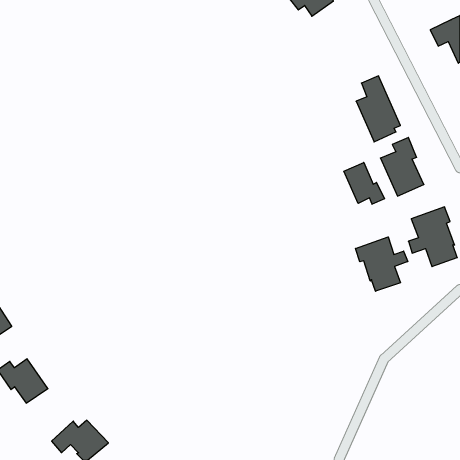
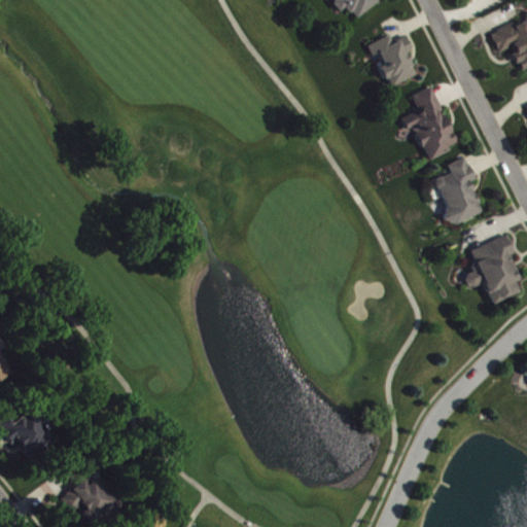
building: none -> [367,35,416,86]
building: [344,162,384,204] -> none
building: [356,237,408,291] -> none

